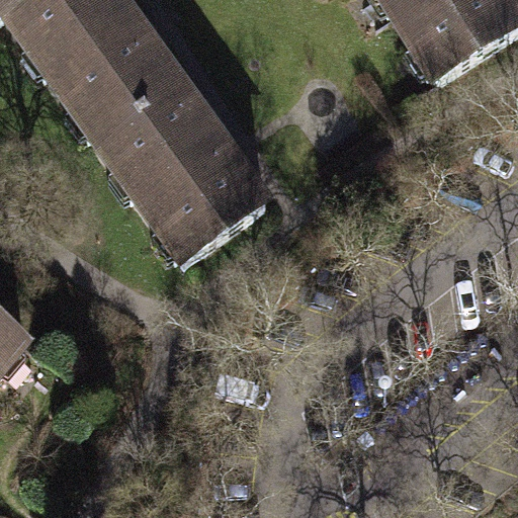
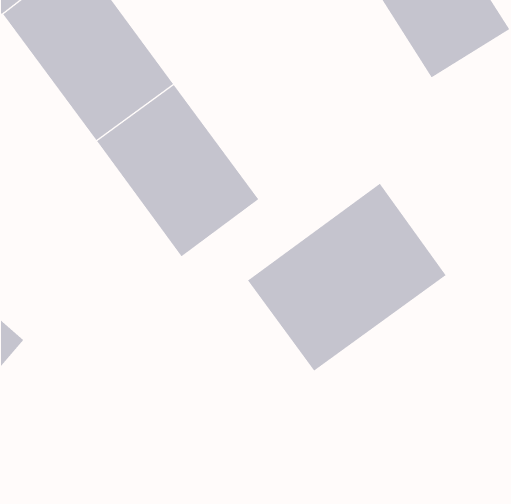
building: none -> [247,183,447,372]

